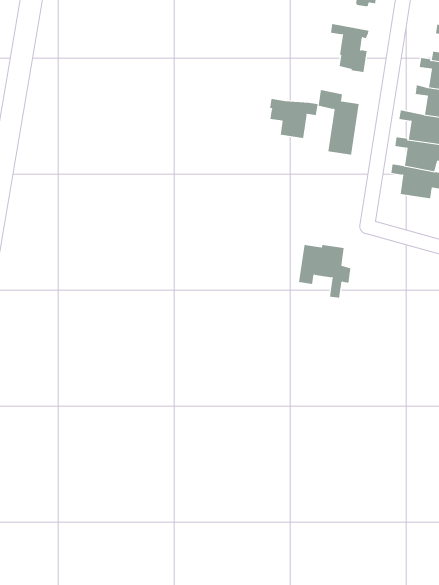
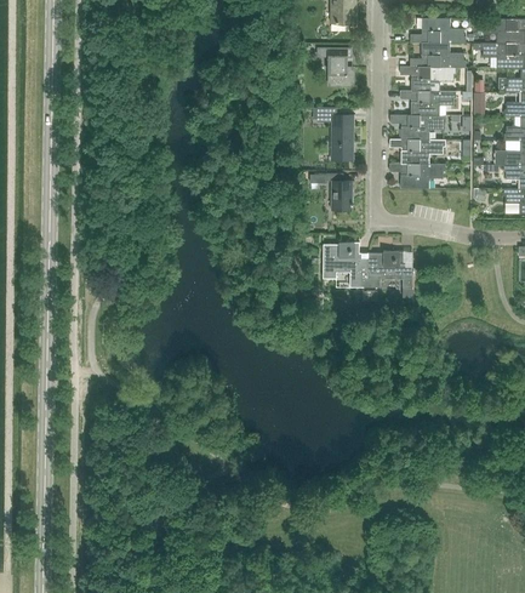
building: [269,98,318,139] -> none
building: none -> [326,173,352,210]
building: none -> [361,251,412,287]

